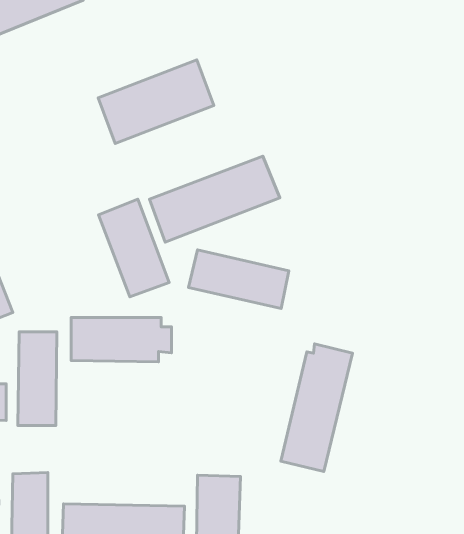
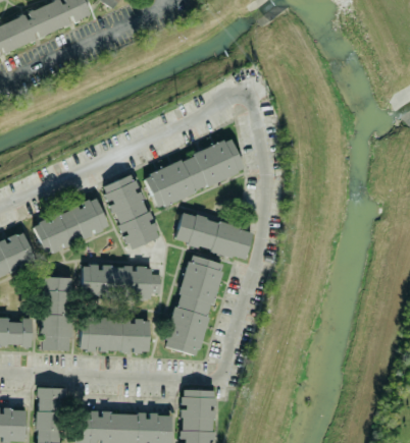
building: [98,60,214,144] -> none
building: none -> [33,198,110,255]
building: [281,344,352,472] -> [166,256,222,355]
building: none -> [81,318,150,352]

